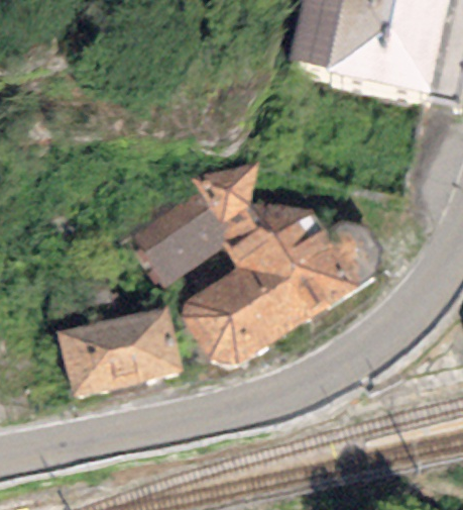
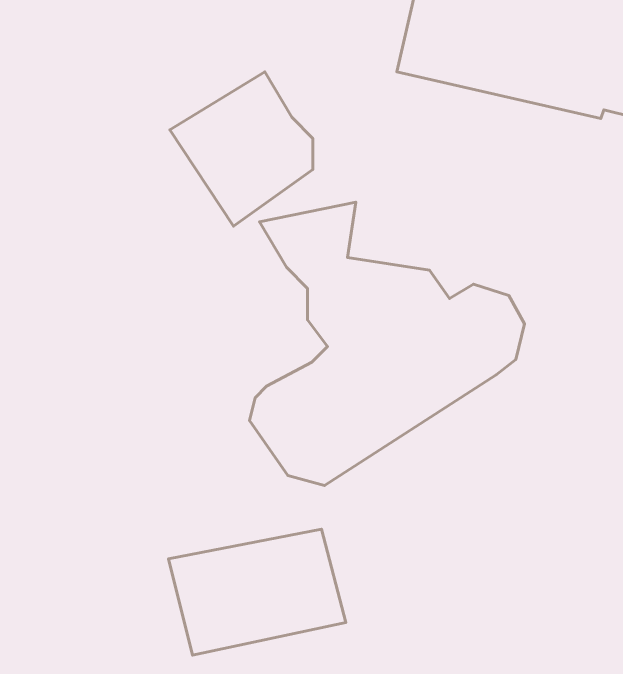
building: [121,176,223,286] -> [170,72,313,226]
building: [56,307,183,397] -> [169,529,346,655]

